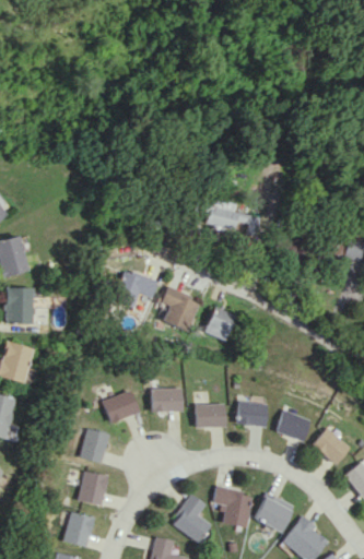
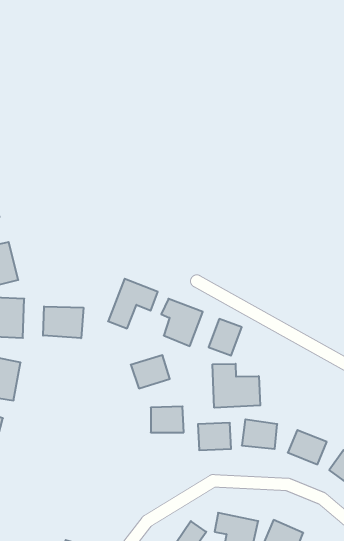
building: [199,195,260,237] -> none
building: none -> [43,306,83,338]
building: none -> [213,364,260,408]
building: [102,391,138,421] -> [131,355,170,388]
building: [79,428,108,463] -> none
building: [78,471,106,506] -> none

